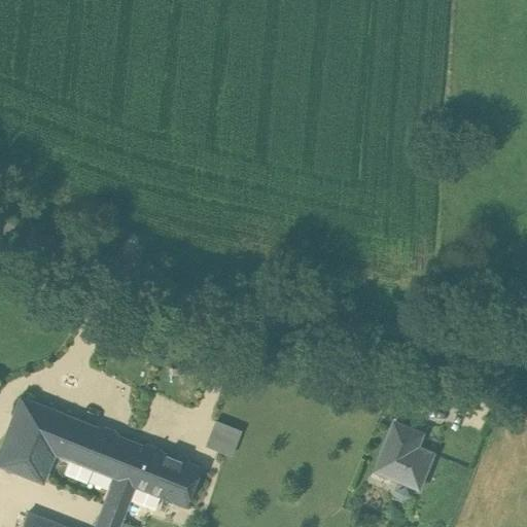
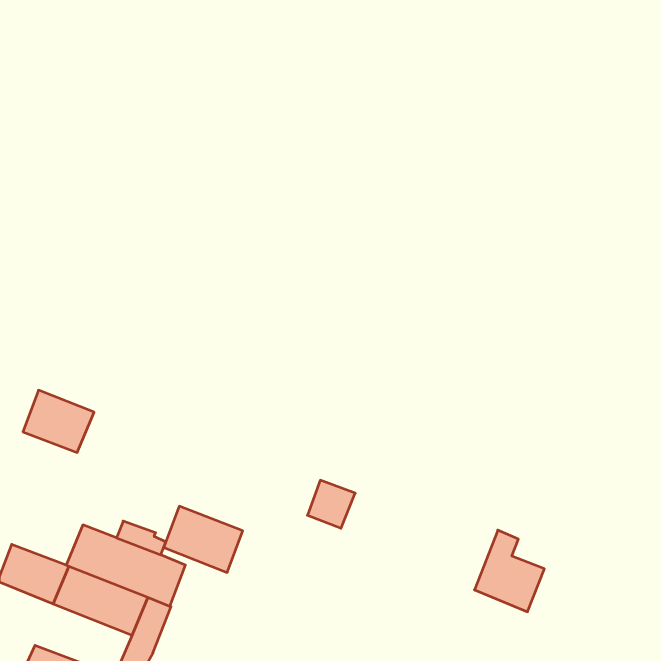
building: [9,400,66,450] -> [23,390,94,452]
building: [204,419,242,457] -> [307,480,355,528]
building: [135,450,198,502] -> [164,506,243,572]

